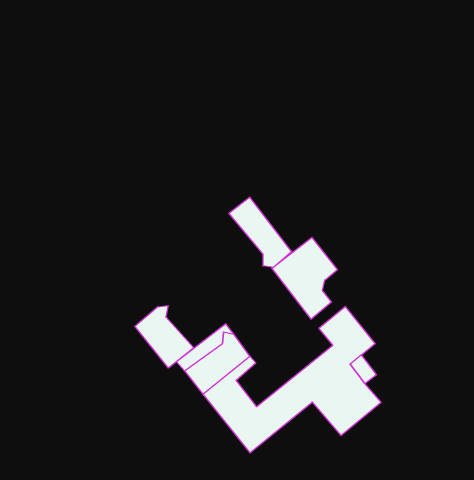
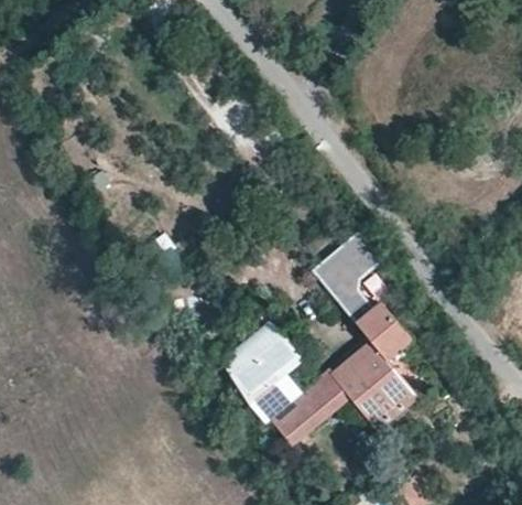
building: [229,197,291,267] -> none
building: [135,306,194,368] -> none

